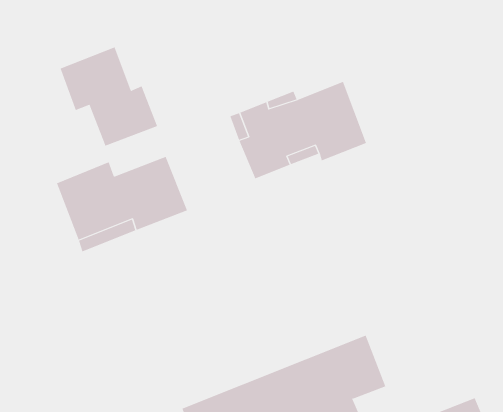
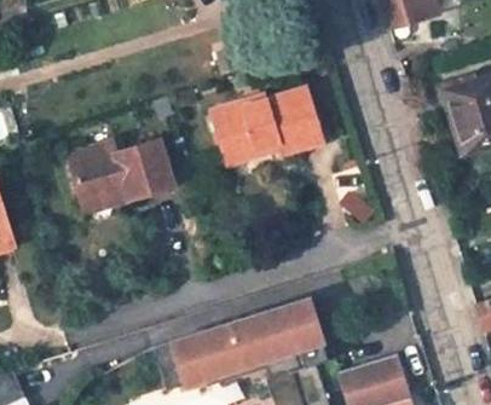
building: [60,47,158,147] -> none

